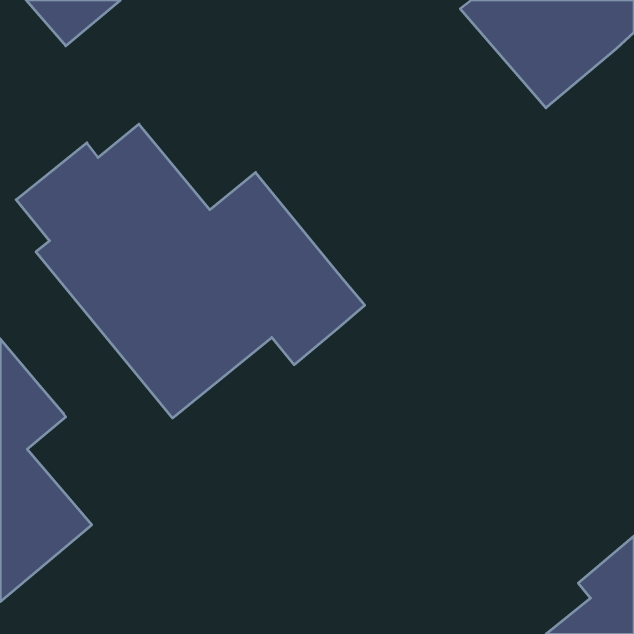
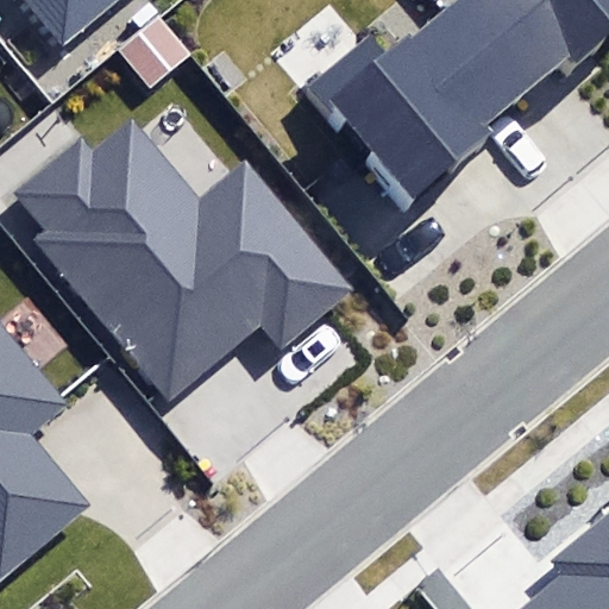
building: none -> [333,8,523,194]

